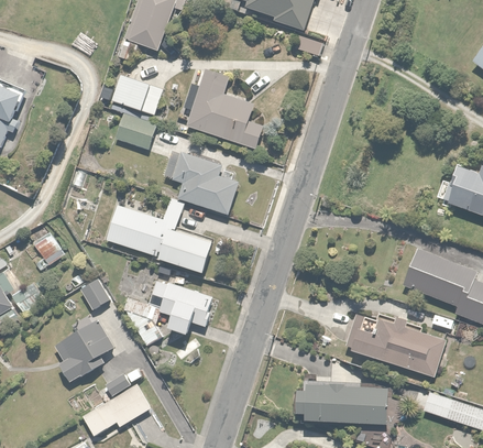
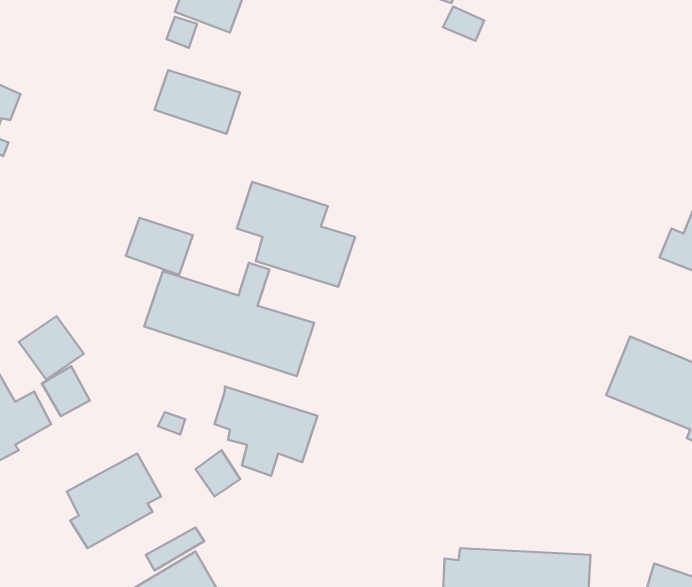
building: [183,68,264,149] -> none
building: [114,114,157,151] -> [126,218,193,275]
building: [79,277,110,309] -> [42,366,90,416]
building: [349,314,446,376] -> none

